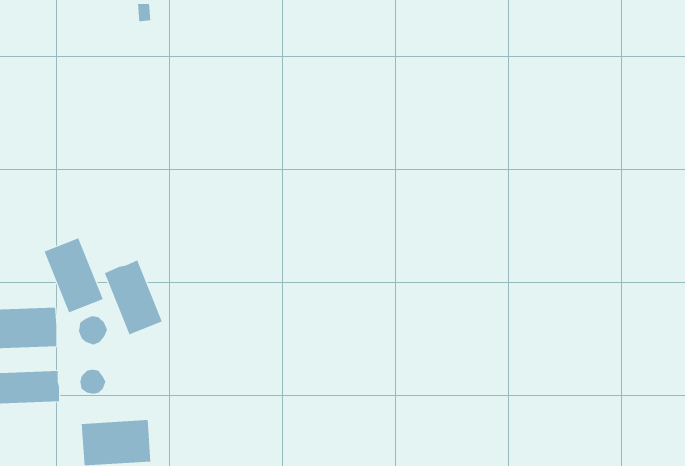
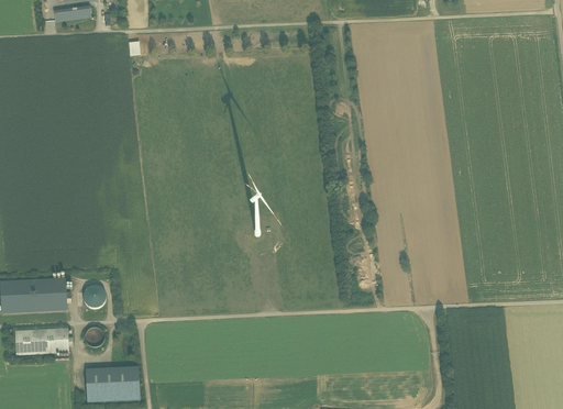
building: [44,238,103,313] -> none
building: [104,260,163,335] -> none

